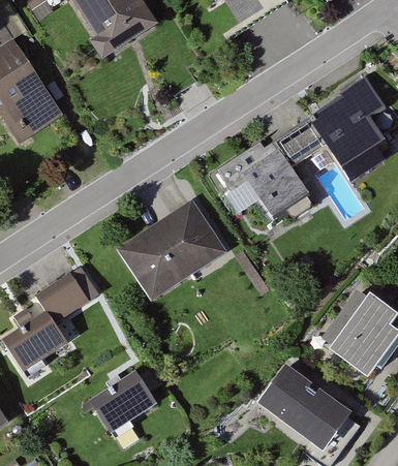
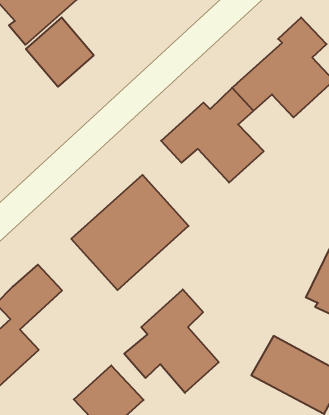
building: none -> [26,17,94,87]
building: none -> [124,289,219,393]

